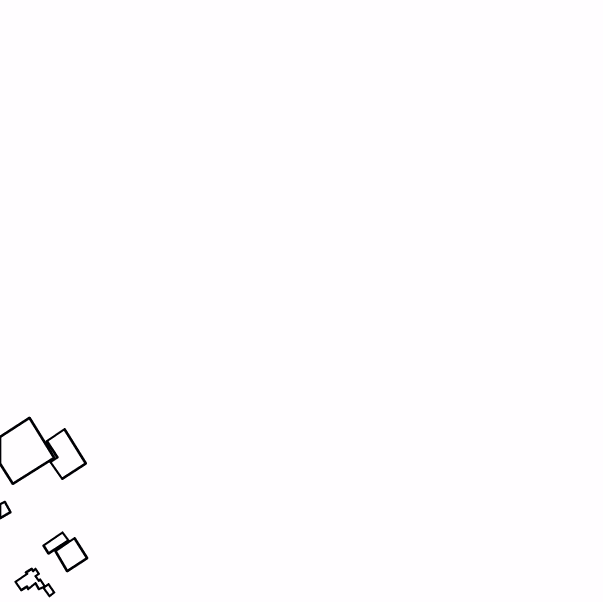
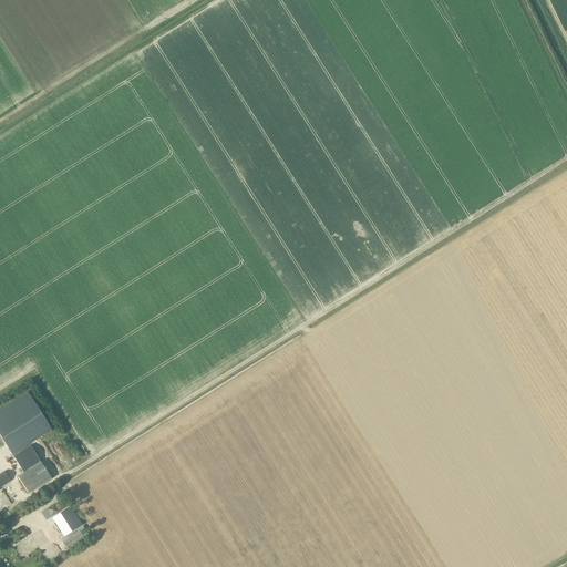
building: [47,429,86,479] -> [13,445,50,492]

